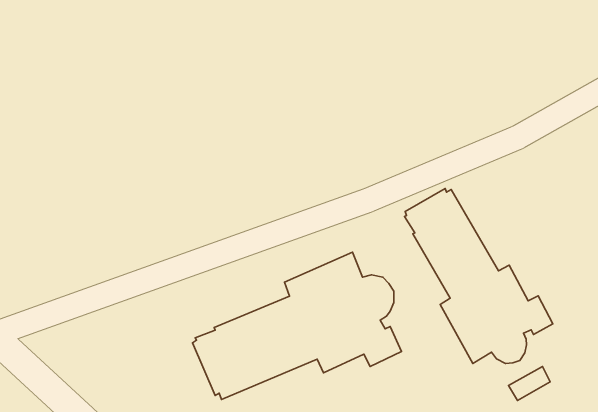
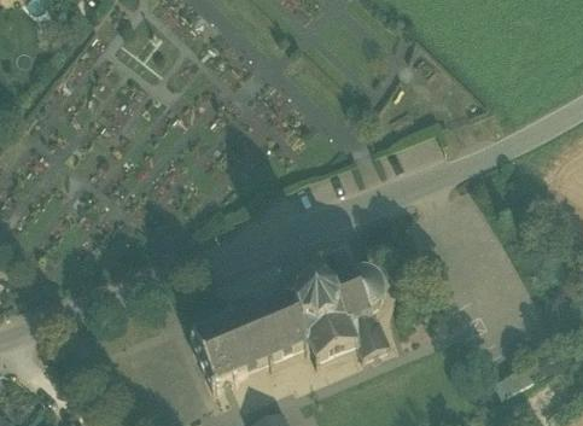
building: [404,188,553,364] -> none

